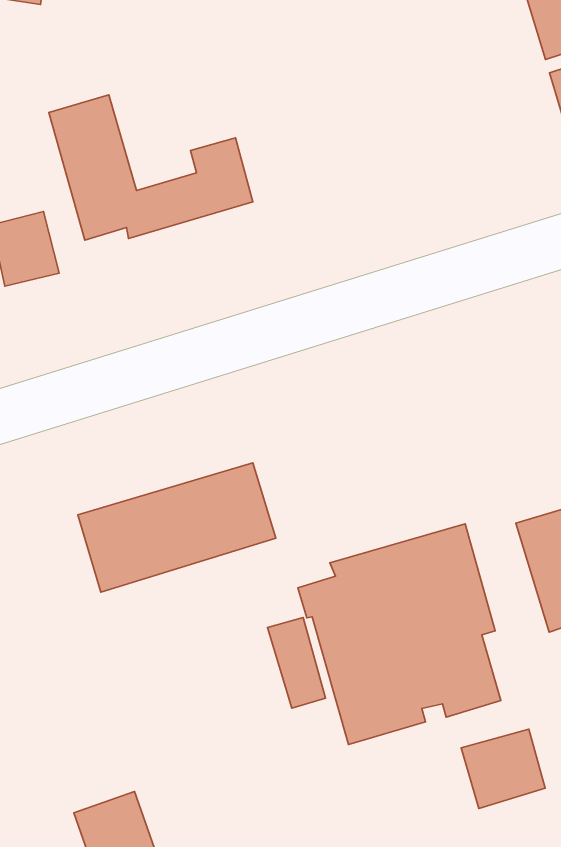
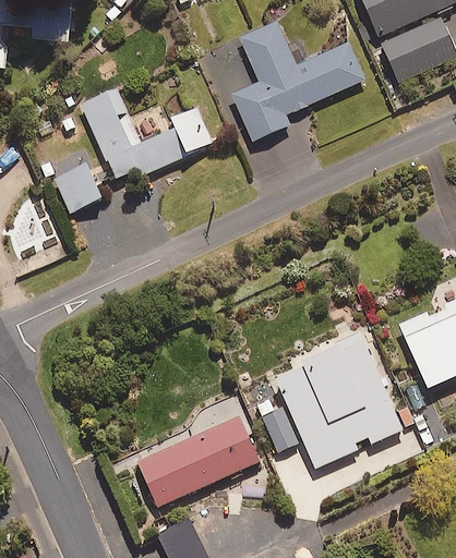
building: none -> [232,23,363,144]
building: [78,463,276,592] -> [135,412,256,501]
building: [461,729,545,809] -> none

